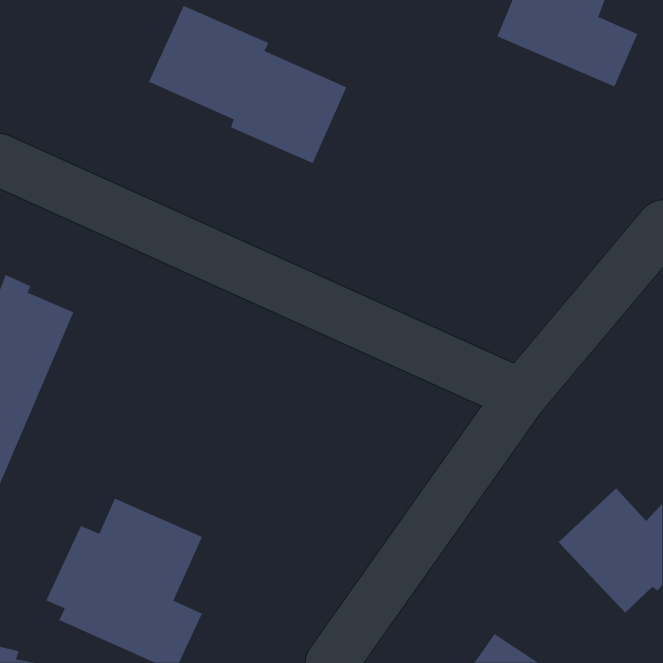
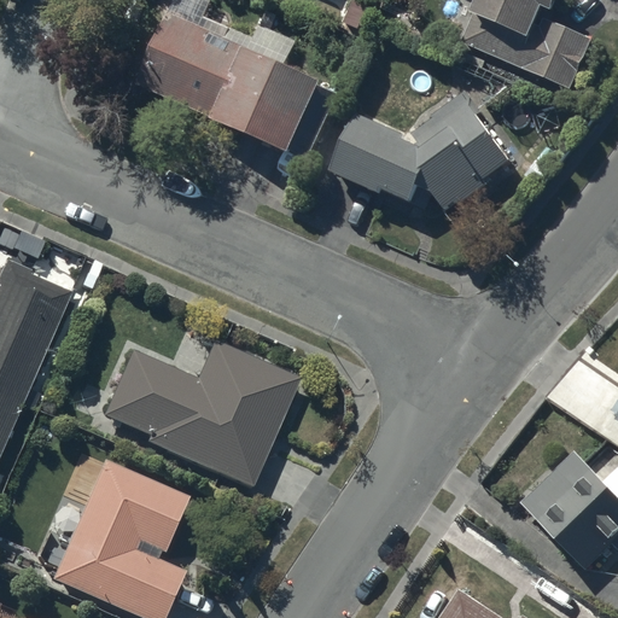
building: none -> [336,87,511,205]
building: none -> [101,343,297,488]

